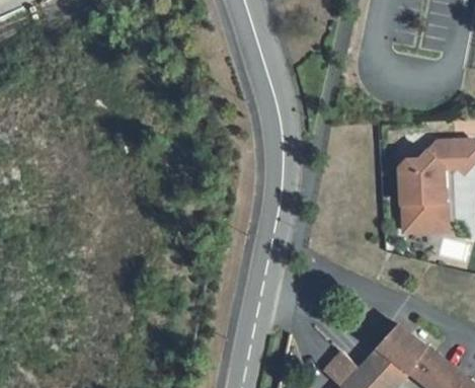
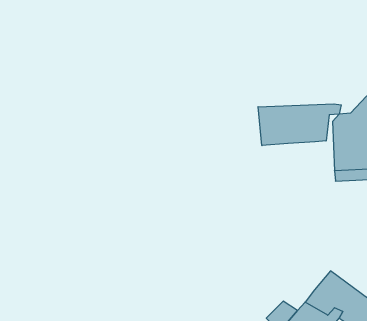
building: none -> [258,104,341,146]

